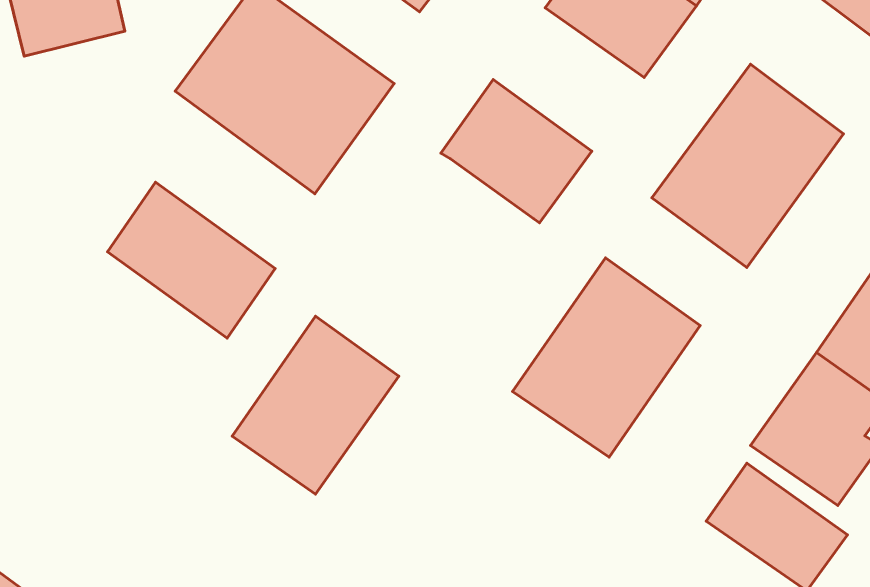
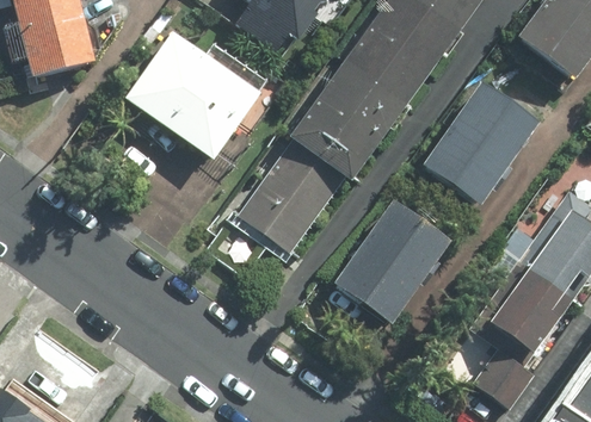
building: none -> [321,48,414,136]
building: [108,182,275,338] -> none
building: [232,316,399,494] -> [244,141,346,250]

